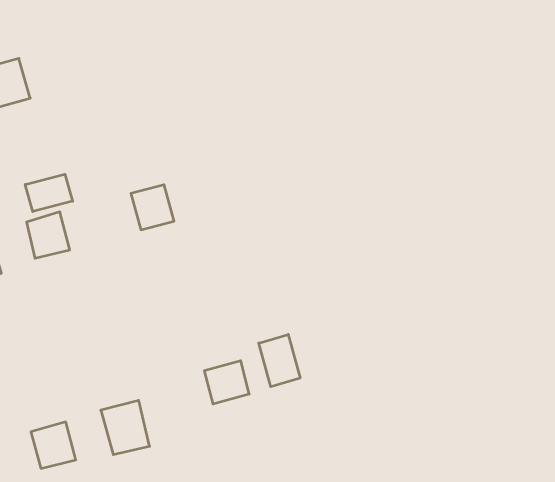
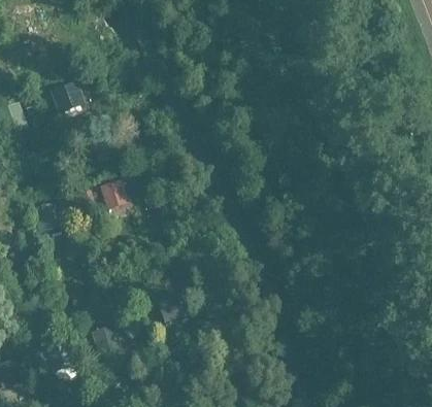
building: none -> [53,82,85,113]
building: [25,174,73,212] -> none
building: [259,334,300,387] -> none

